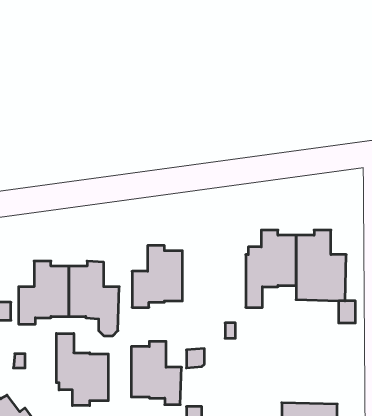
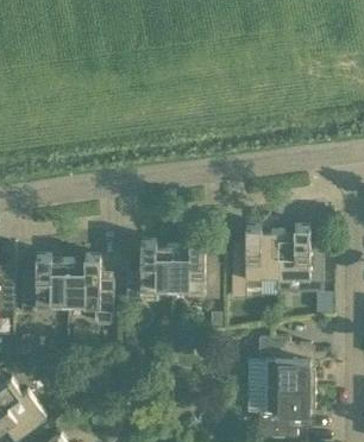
building: [56,333,108,406] -> none
building: [131,341,182,405] -> [172,241,219,299]
building: none -> [256,337,315,387]

